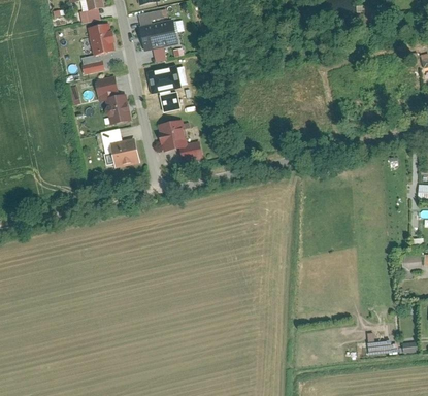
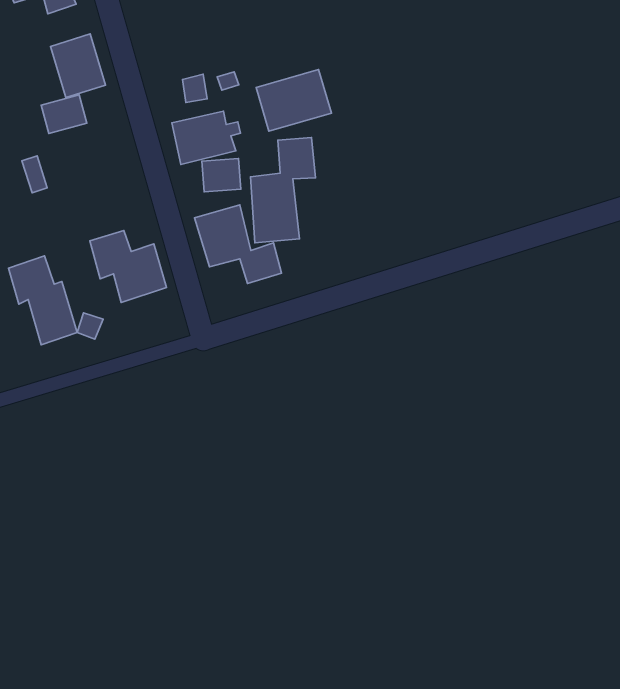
building: [140,19,179,50] -> [256,69,331,131]
building: [96,76,130,124] -> [8,256,77,345]
building: none -> [250,138,316,243]

